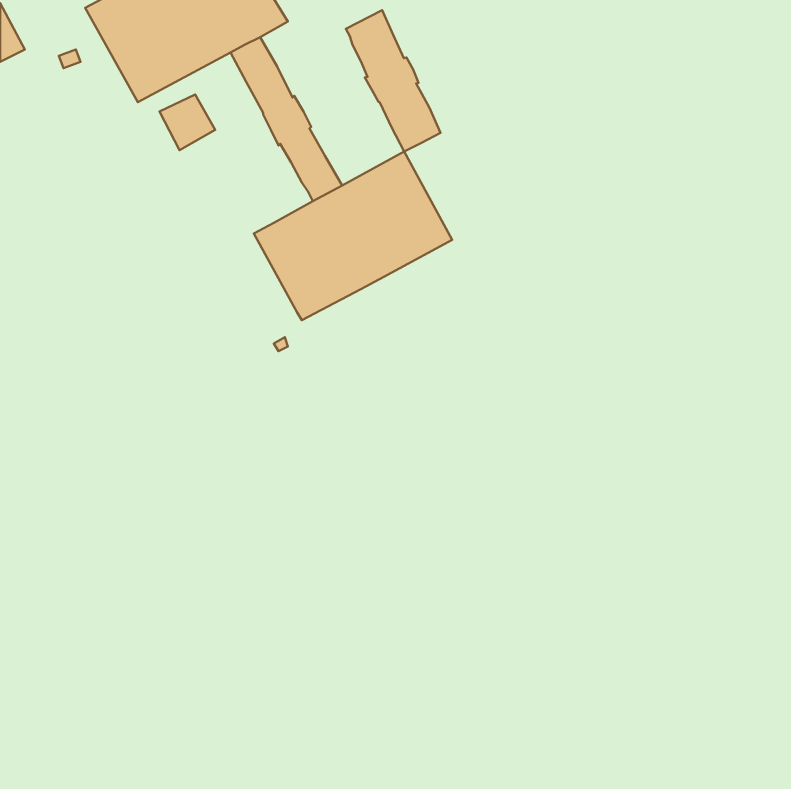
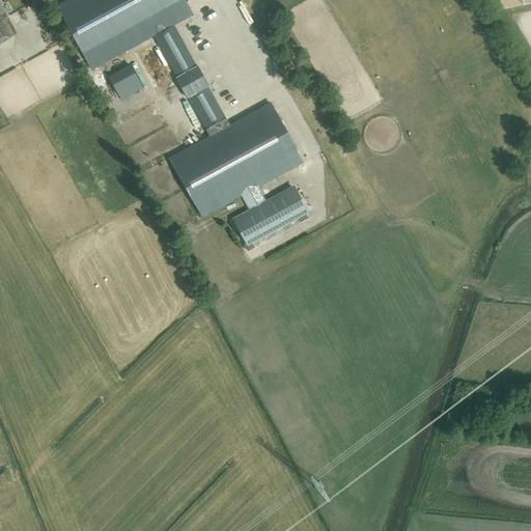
building: [346,10,440,152] -> none
building: none -> [234,186,308,250]

